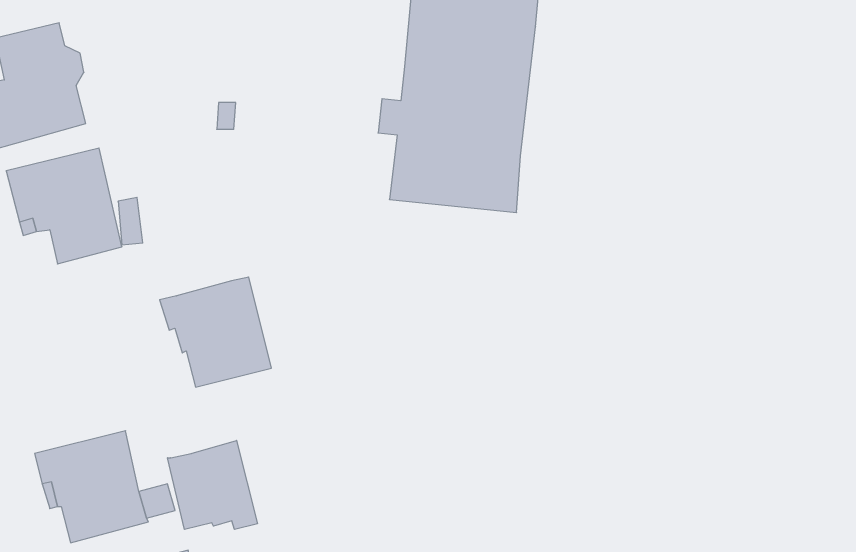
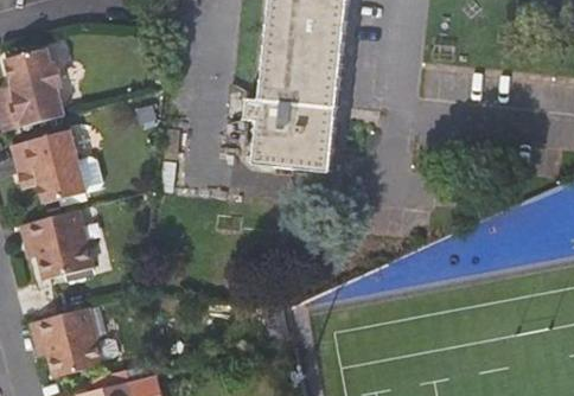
building: [160,277,271,387] -> [20,209,90,277]
building: [168,440,257,529] -> none

